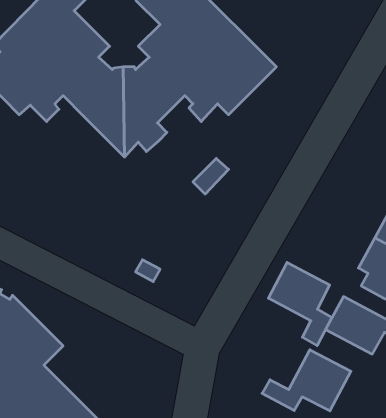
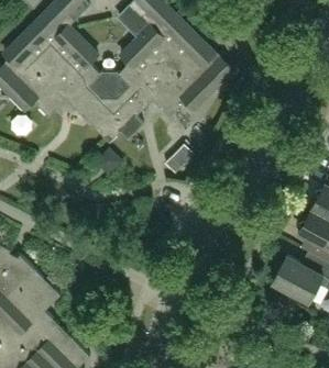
building: [268,262,332,346] -> none
building: [262,350,351,411] -> none

